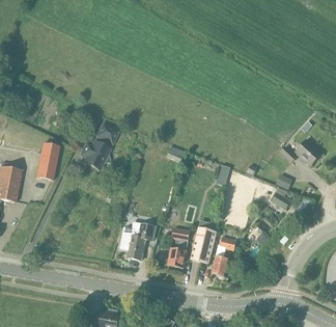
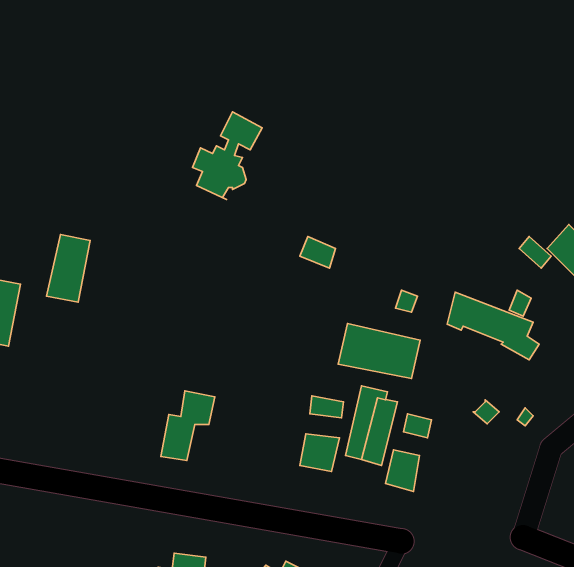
building: [82,124,118,169] -> [192,112,262,200]
building: none -> [338,323,420,378]
building: [128,223,156,260] -> [161,391,215,460]

